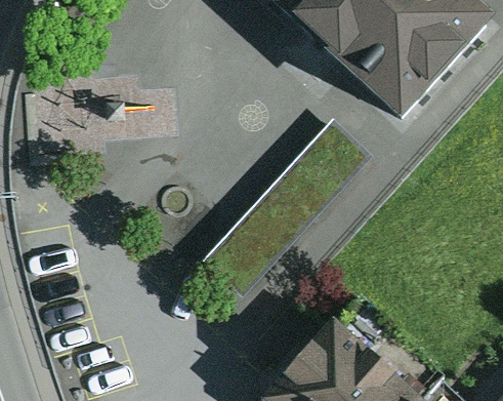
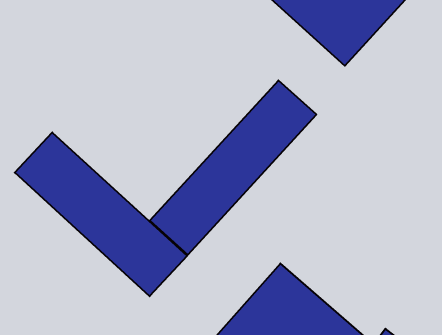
building: none -> [15,132,187,296]

